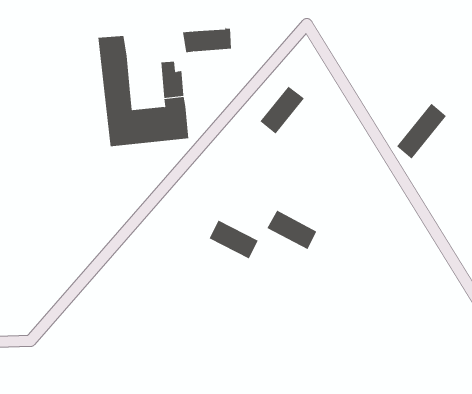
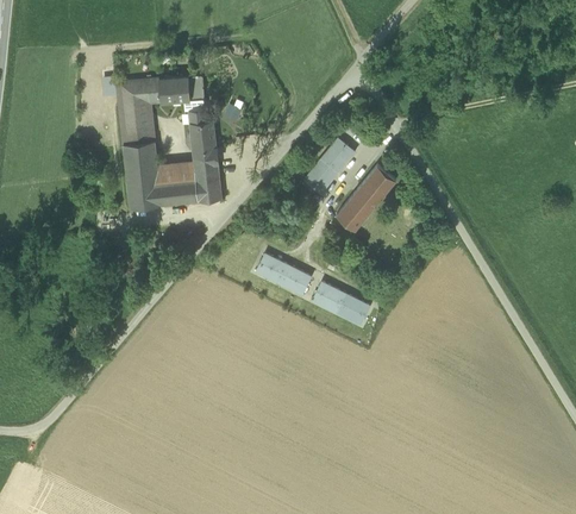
building: [182,27,232,53] -> [146,74,204,104]
building: [396,103,447,160] -> [337,164,395,230]
building: [209,220,258,259] -> [252,250,309,295]

